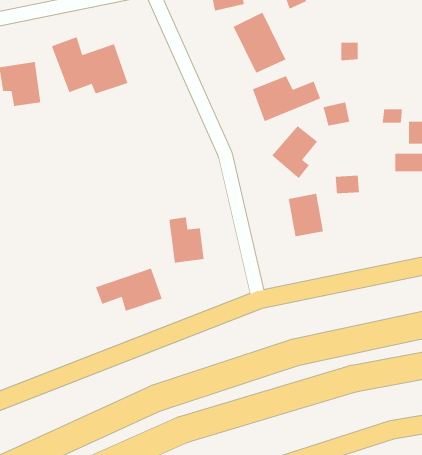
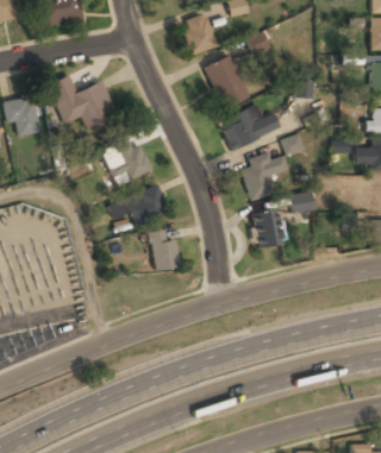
building: none -> [102,138,152,187]
building: [95,267,163,312] -> [110,187,168,225]

